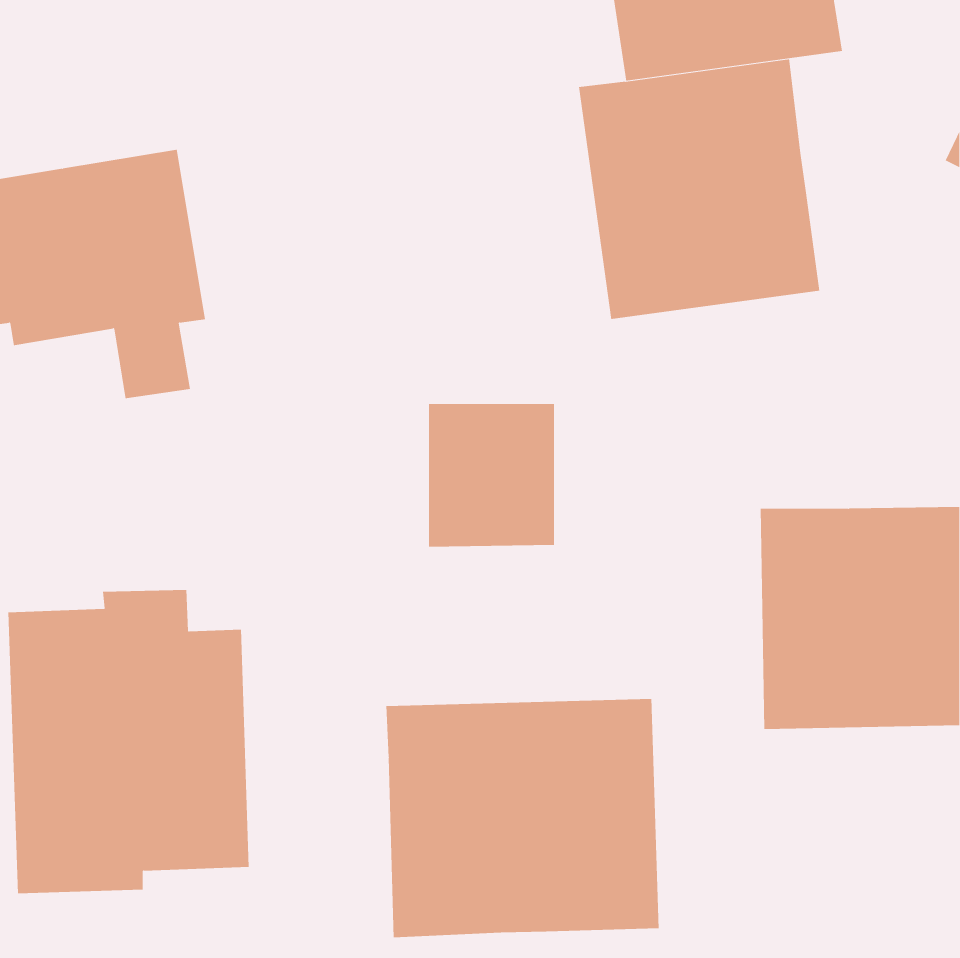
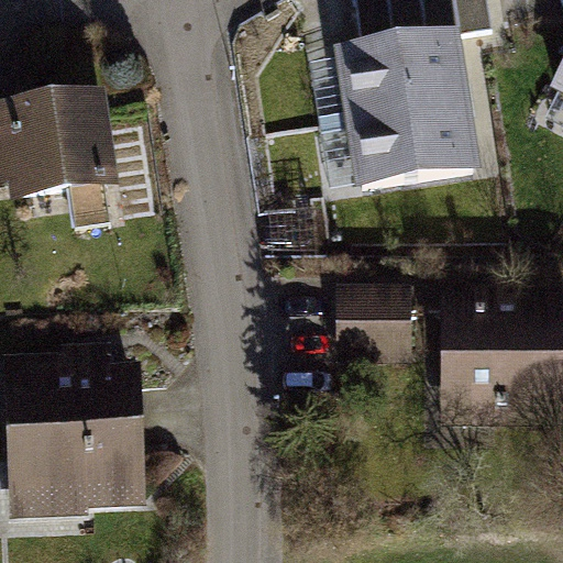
building: [428,404,555,547] -> [339,284,412,367]
building: [386,698,659,938] -> none

